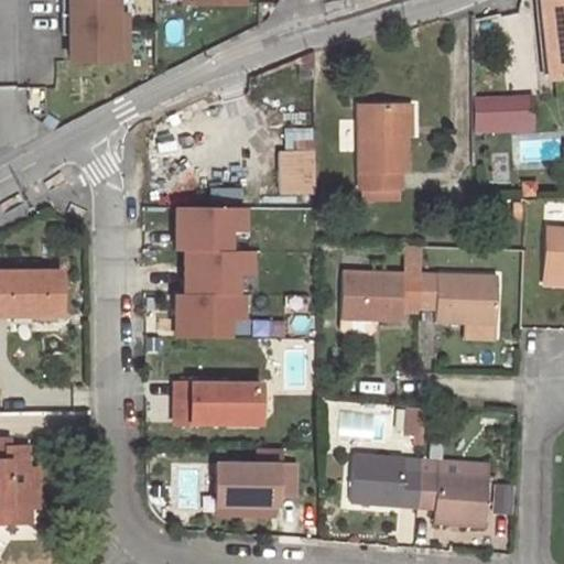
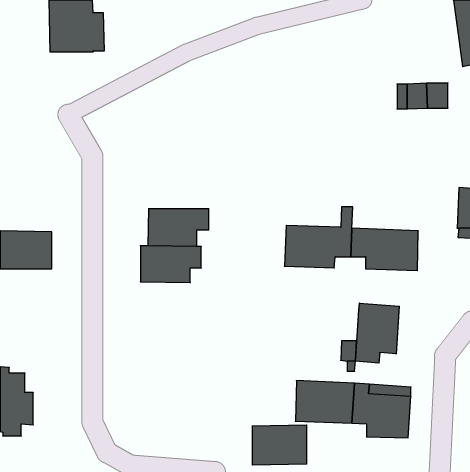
building: [361,105,409,189] -> none
building: [283,152,317,194] -> none
building: [171,206,243,249] -> none
building: none -> [356,303,399,363]
building: [176,380,260,427] -> none
building: [212,463,276,510] -> [252,425,307,465]

